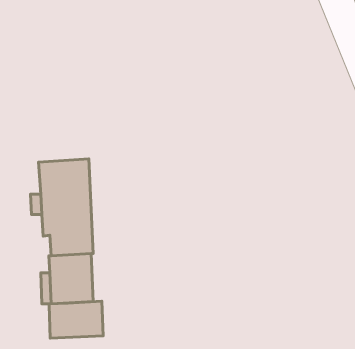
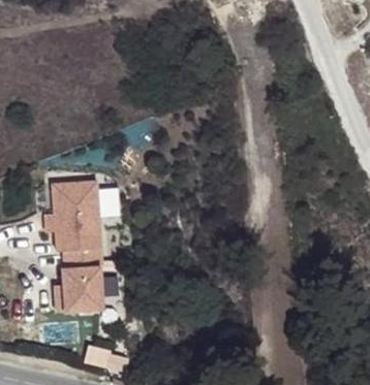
building: [49,301,103,338] -> none

